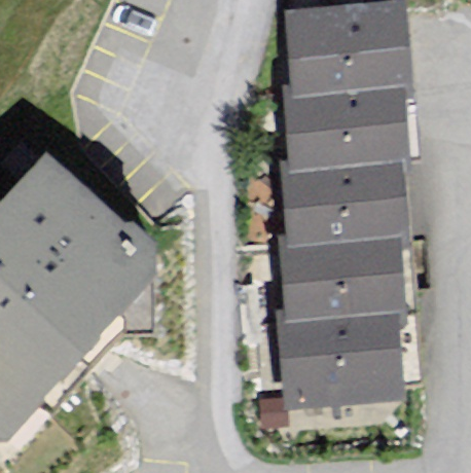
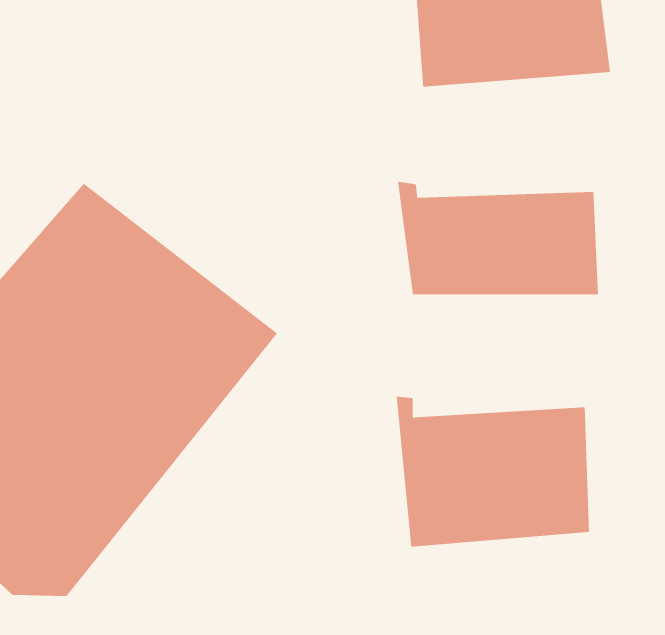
building: [282,82,424,170] -> none
building: [290,236,409,321] -> none

